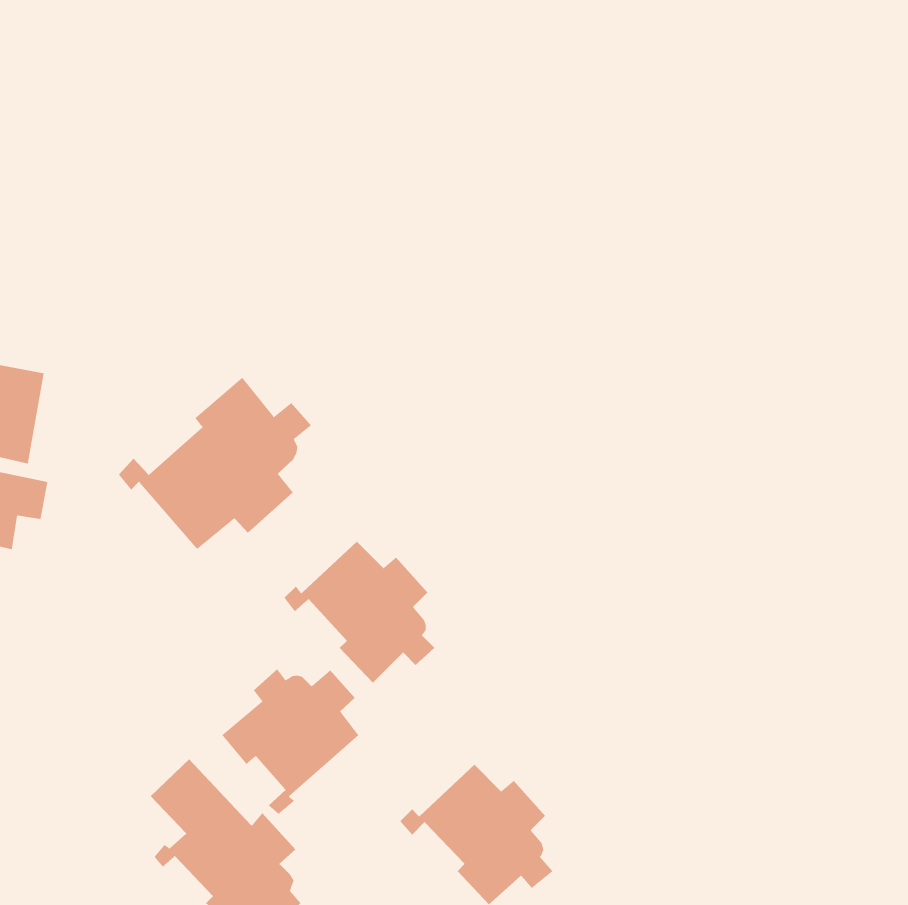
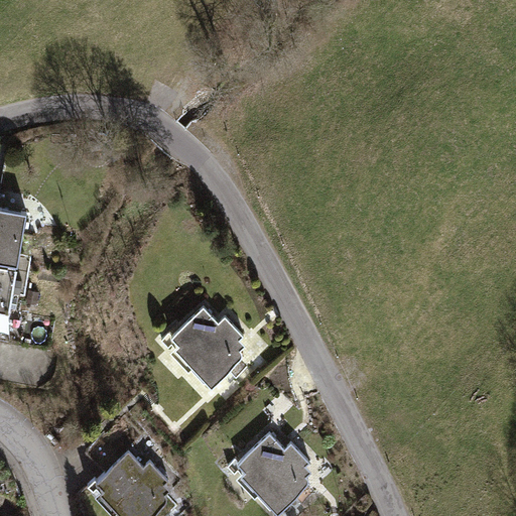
building: [118,377,312,550] -> none
building: [221,668,359,815] -> none

